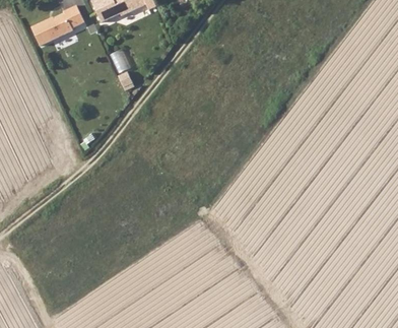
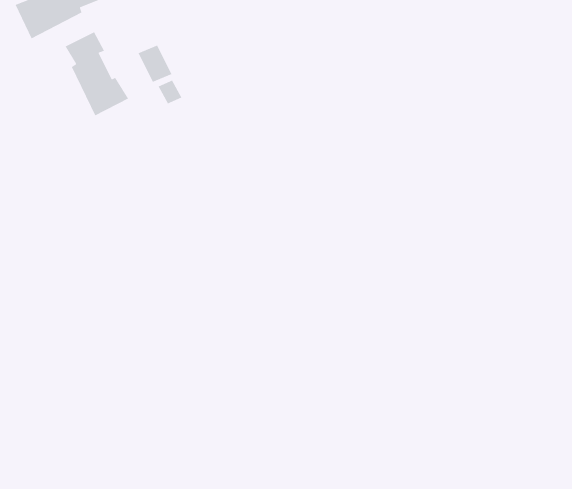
building: none -> [65,31,129,117]

